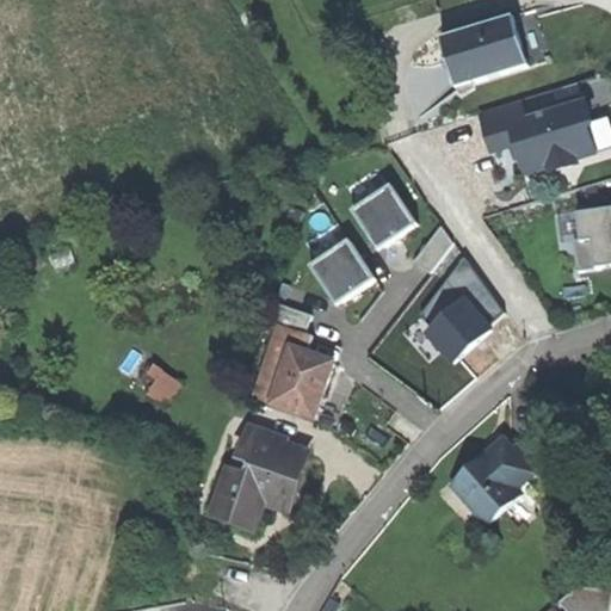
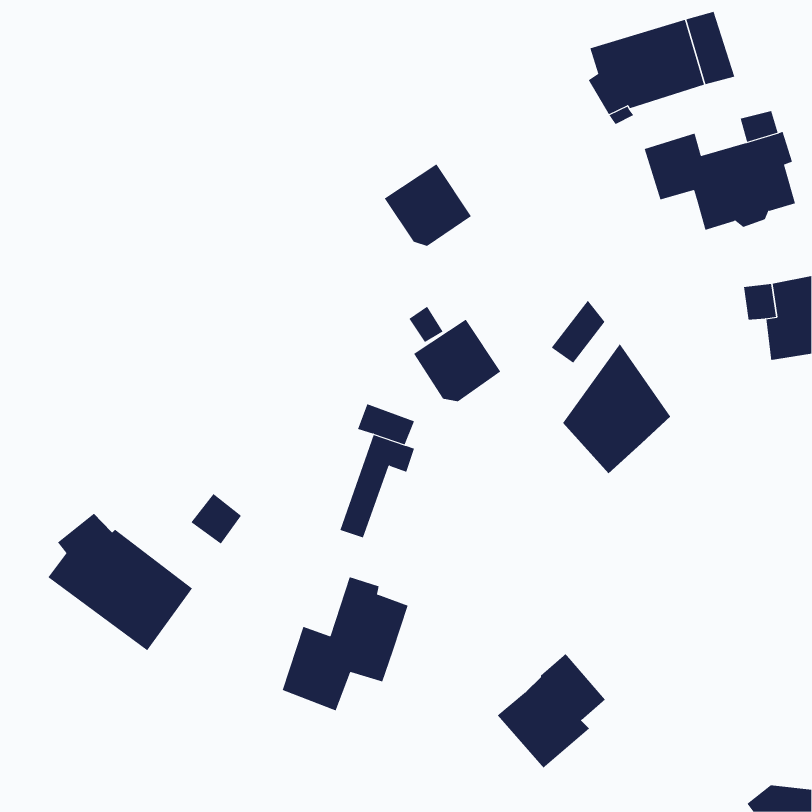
building: [350,183,415,245] -> [384,163,472,247]
building: [271,347,329,414] -> none
building: none -> [47,513,193,651]
building: [451,437,532,523] -> [497,653,606,768]

